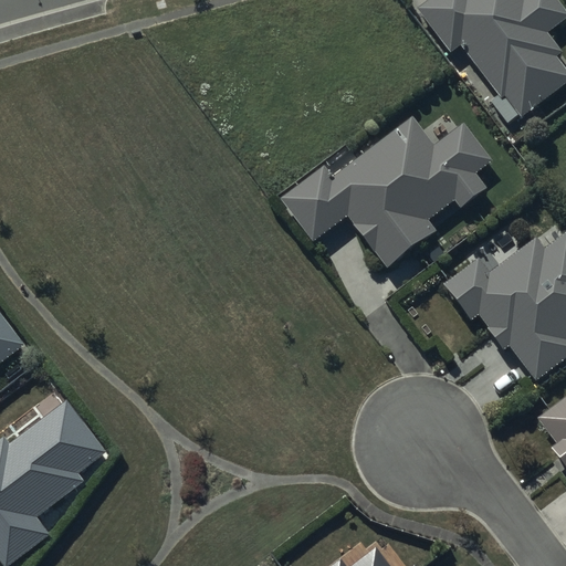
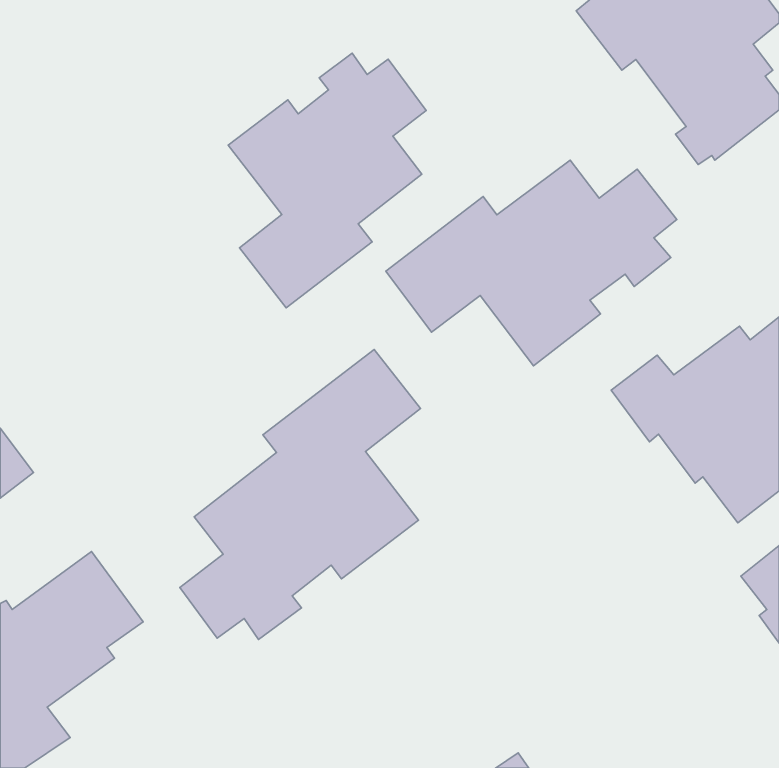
building: none -> [228,53,426,308]
building: none -> [180,350,421,640]

